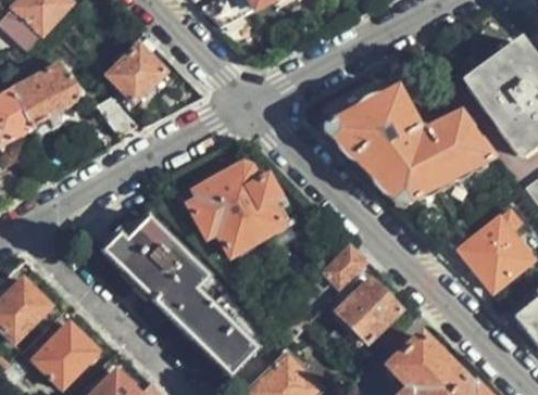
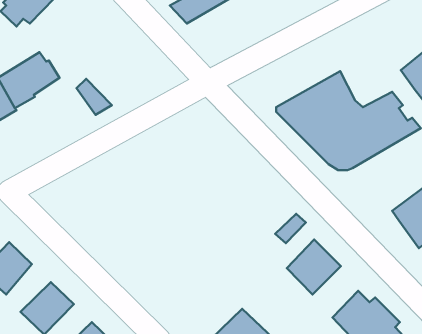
building: [102,40,158,94] -> none
building: [190,166,288,254] -> none
building: [101,217,257,377] -> none

